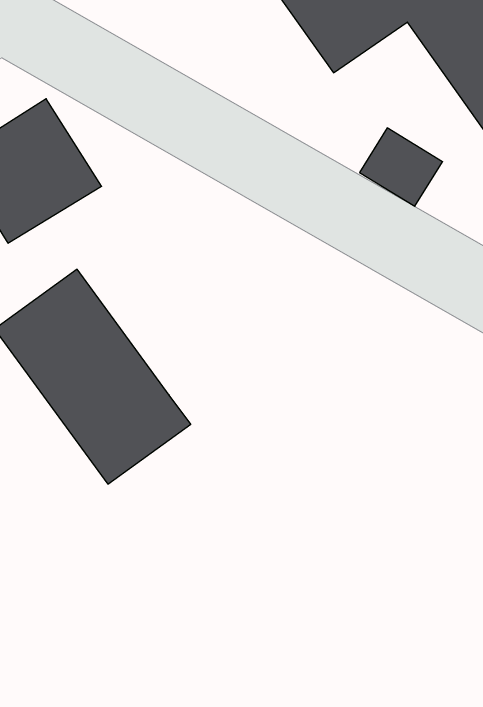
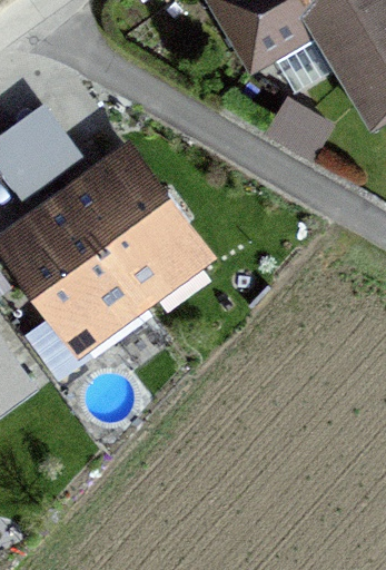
building: none -> [62,150,202,296]

